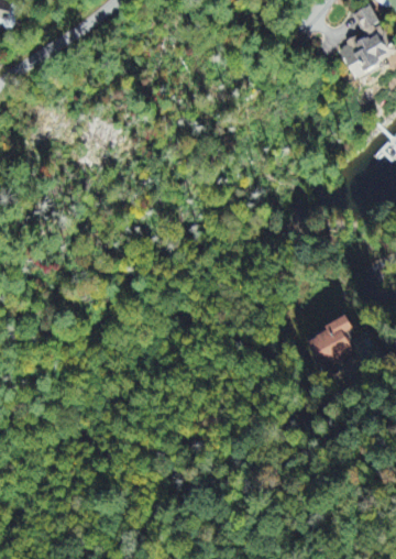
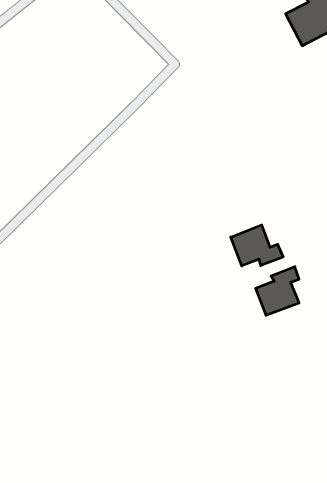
building: none -> [231,225,283,266]

